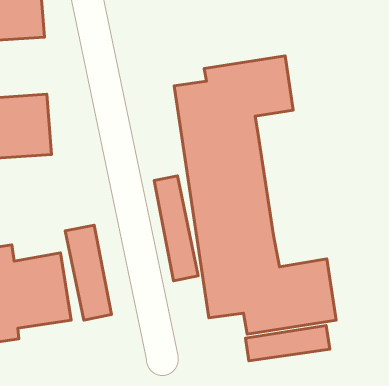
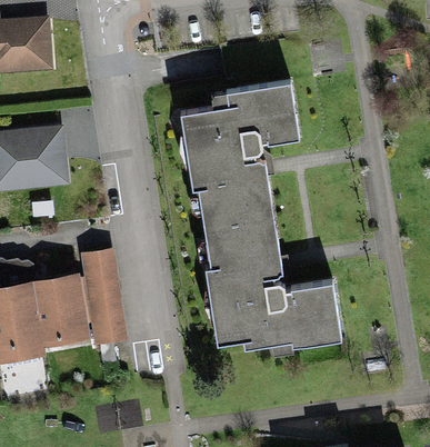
building: [154,176,198,281] -> none
building: [246,325,330,361] -> none

